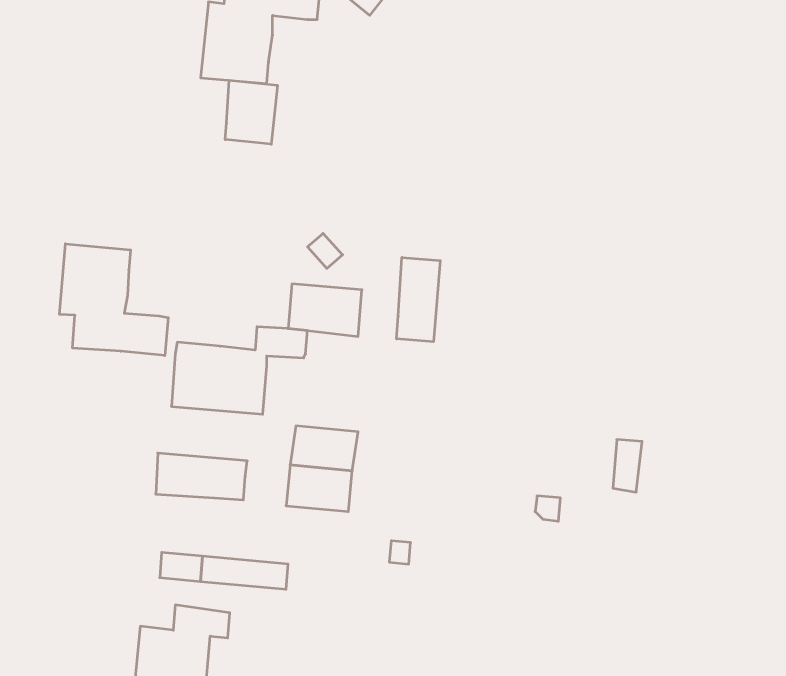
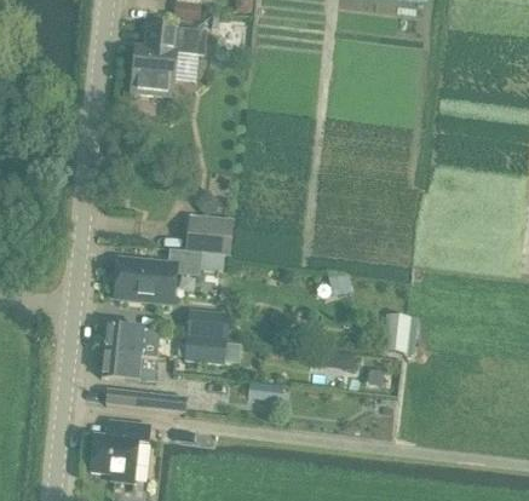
building: [225,80,277,144] -> none
building: [60,244,168,356] -> none
building: [397,257,440,342] -> none
building: none -> [102,351,140,379]

